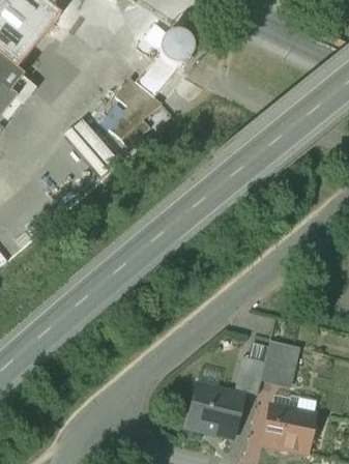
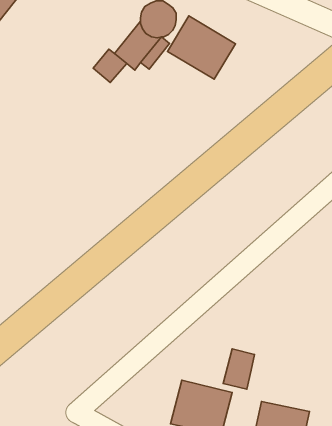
building: none -> [167,16,236,79]
building: [260,340,293,382] -> none

